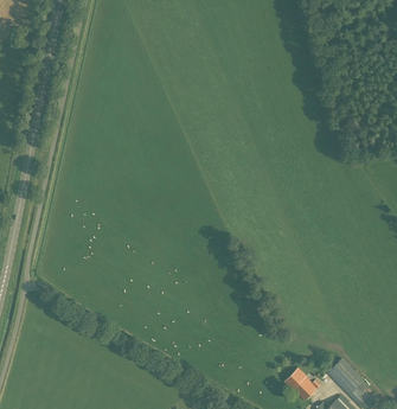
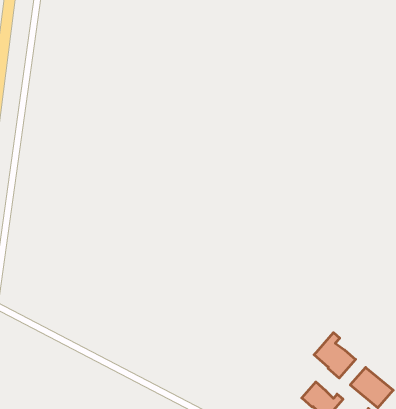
building: none -> [314,333,356,378]

